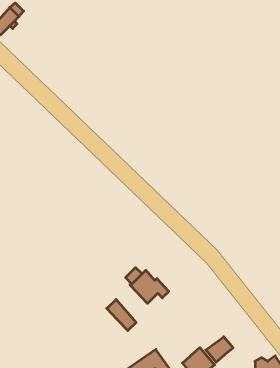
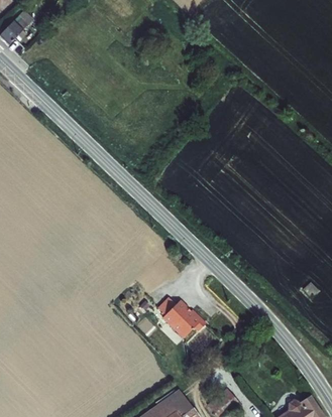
building: [107,299,136,331] -> none
building: [206,337,233,362] -> none

